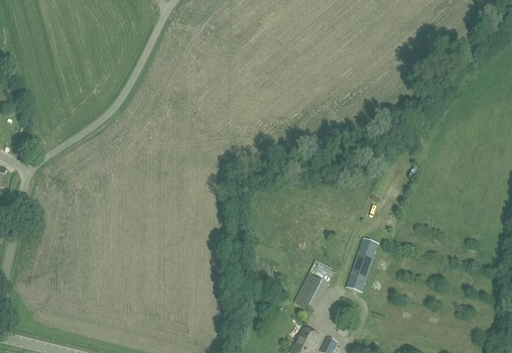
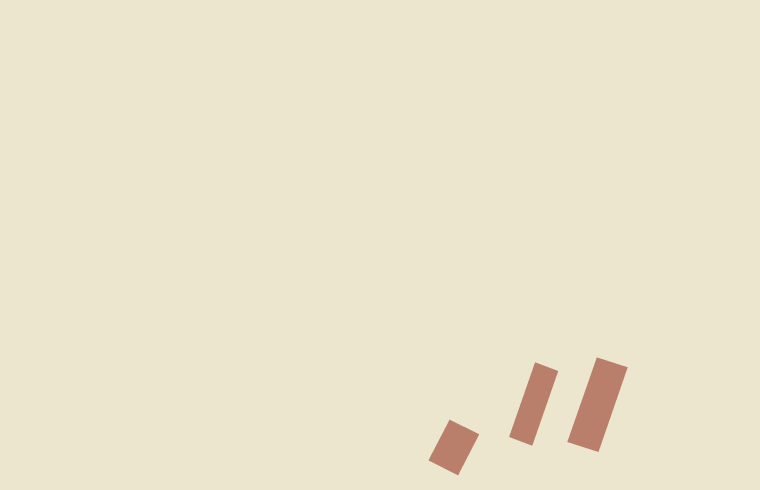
building: none -> [567,356,629,453]

